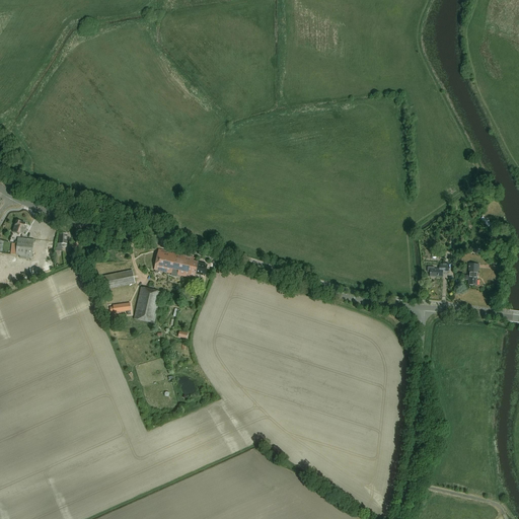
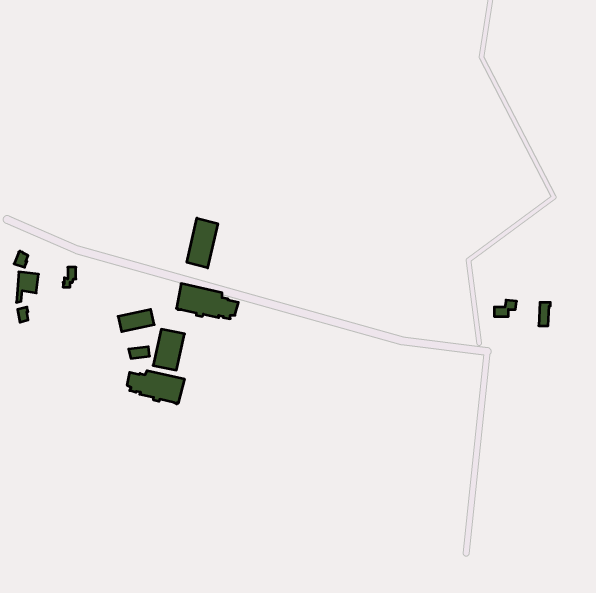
building: none -> [187,218,218,268]
building: none -> [127,371,184,404]

